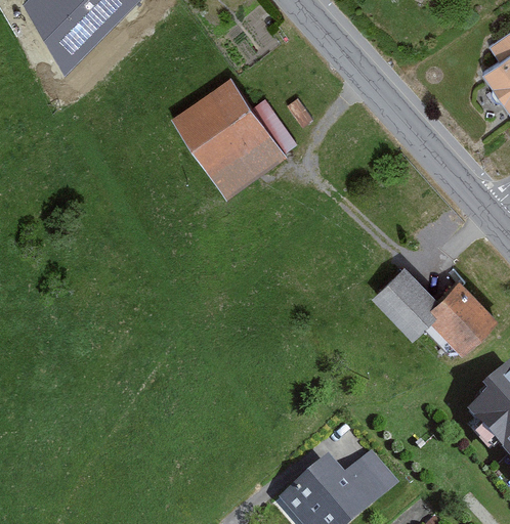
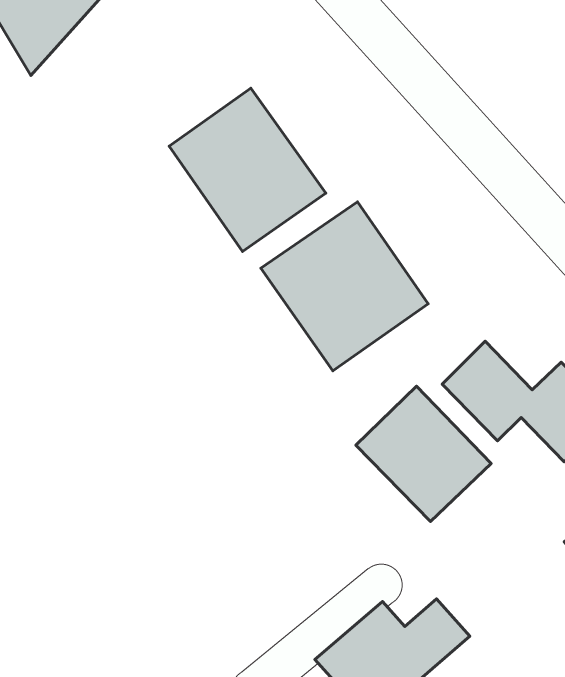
building: none -> [261,202,428,371]
building: none -> [356,386,491,522]

